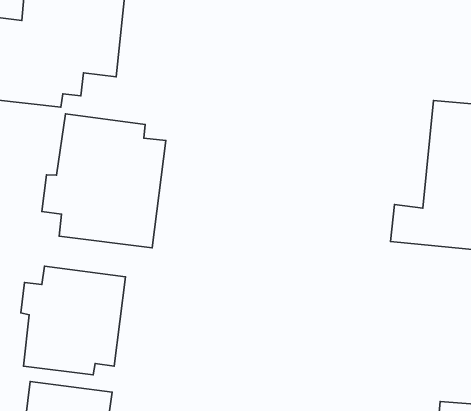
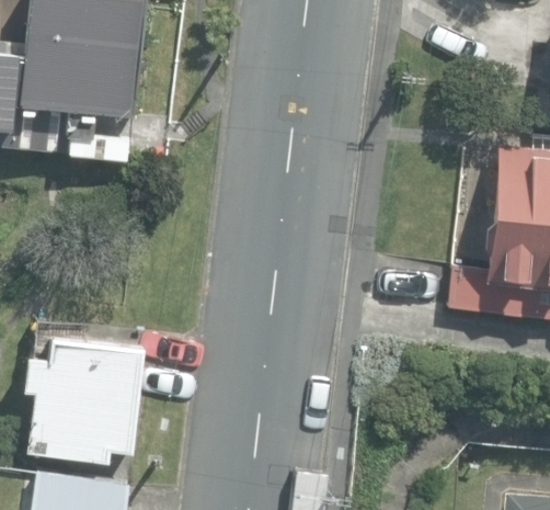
building: [42,114,166,248] -> none

